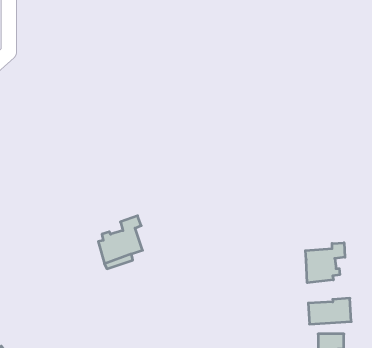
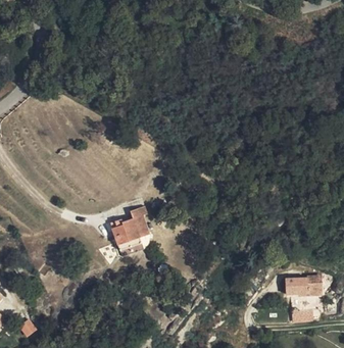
building: [305,243,345,283] -> none

